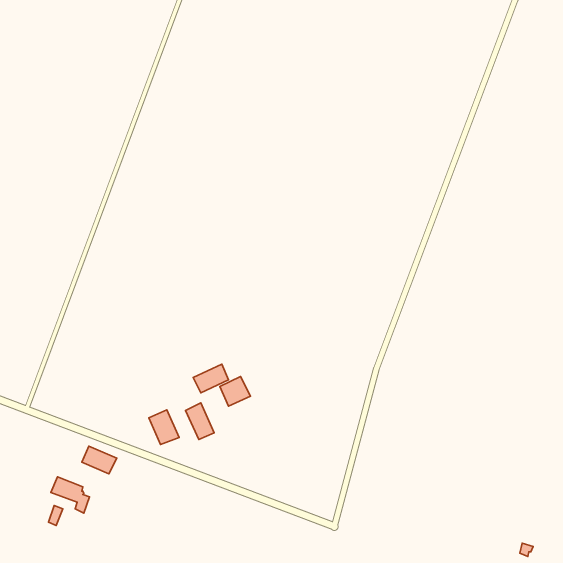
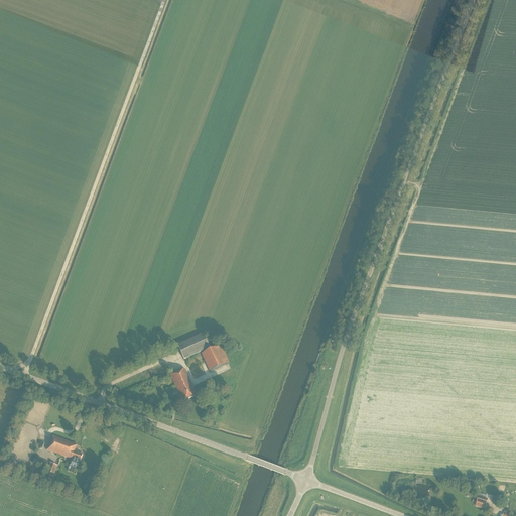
building: [149,410,179,445] -> none
building: [82,446,117,474] -> none

